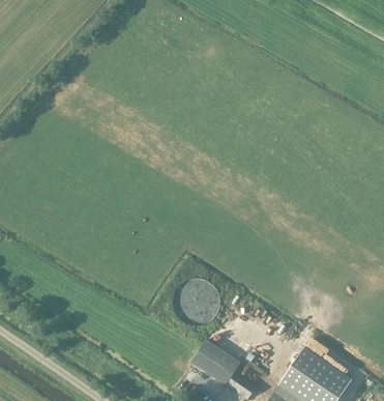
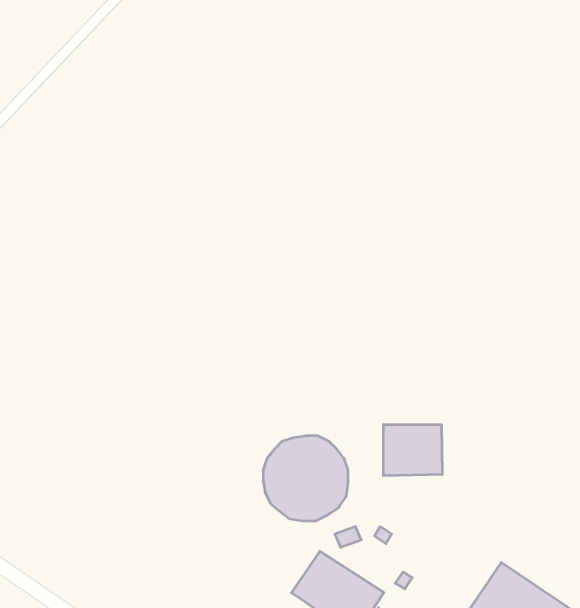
building: none -> [383,424,442,476]

